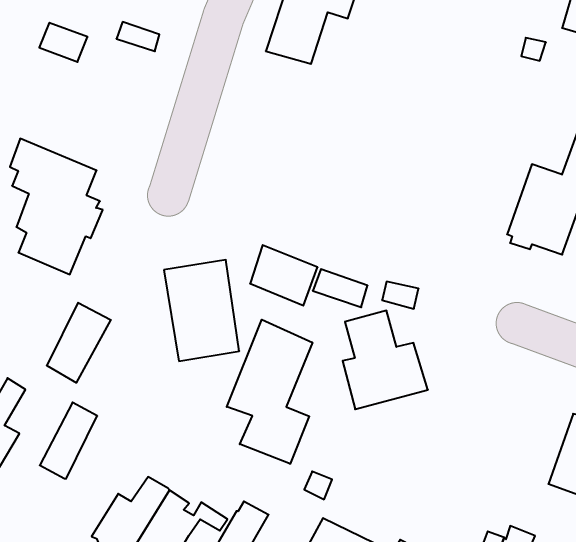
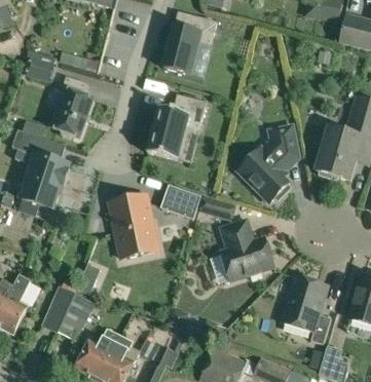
building: none -> [52,75,94,139]
building: none -> [147,92,207,159]
building: none -> [236,123,298,201]
building: [47,303,111,383] -> [59,293,96,341]
building: [227,320,312,464] -> none
building: none -> [281,274,331,343]

